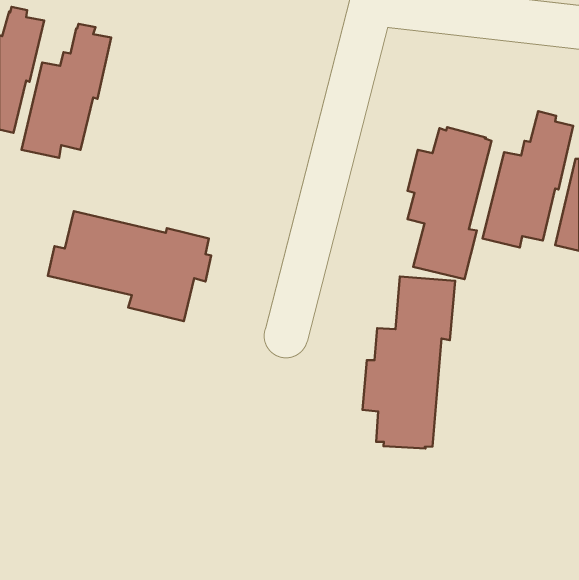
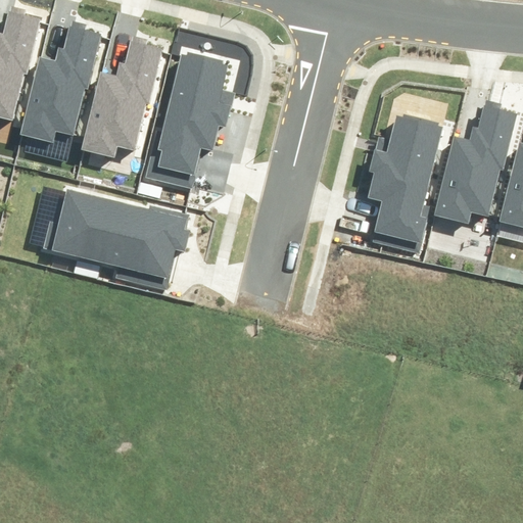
building: none -> [81,37,161,157]
building: none -> [145,52,234,187]
building: [362,276,455,448] -> none

